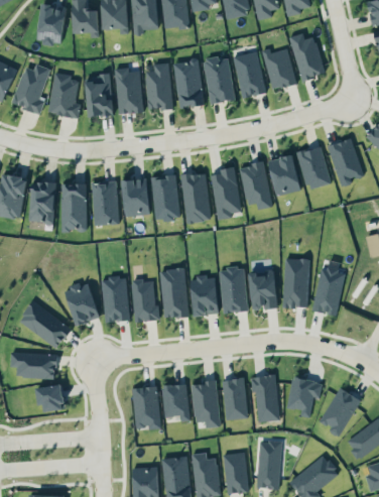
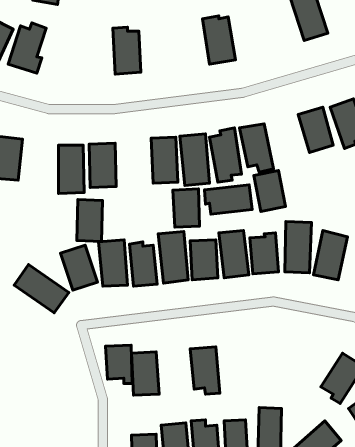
building: [262,48,296,90] -> none
building: [232,51,266,98] -> none
building: [174,59,203,108] -> none
building: [145,63,171,110] -> none
building: [47,74,81,118] -> none
building: [85,75,114,118] -> none
building: [268,155,299,196] -> [254,170,286,212]
building: [122,178,148,216] -> [173,189,200,227]
building: [30,181,55,223] -> [77,199,103,242]
building: none -> [205,185,252,214]
building: [10,353,55,378] -> none
building: [253,375,278,422] -> none
building: [287,377,322,417] -> none
building: [222,378,248,420] -> none
building: [35,384,66,412] -> none
building: [162,384,188,421] -> [105,345,132,383]

